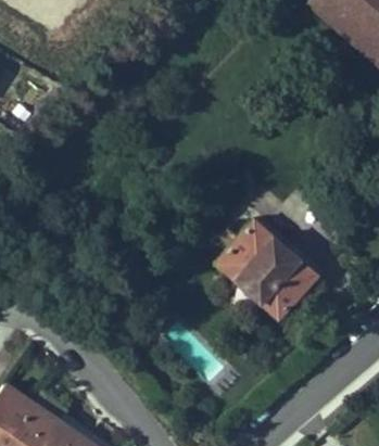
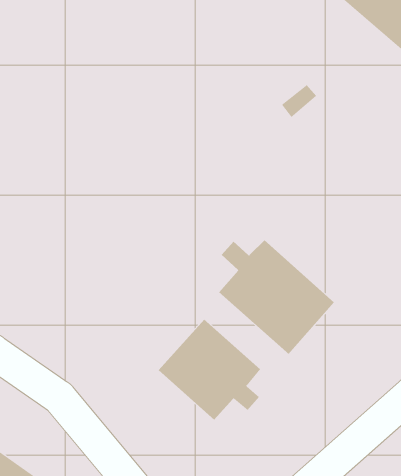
building: none -> [158,319,261,421]

